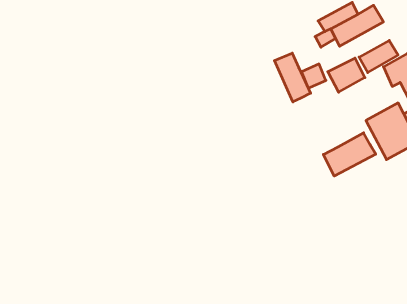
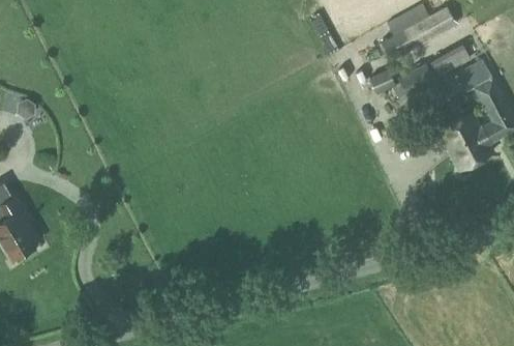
building: [274,53,311,102] -> none
building: [323,133,376,176] -> none

